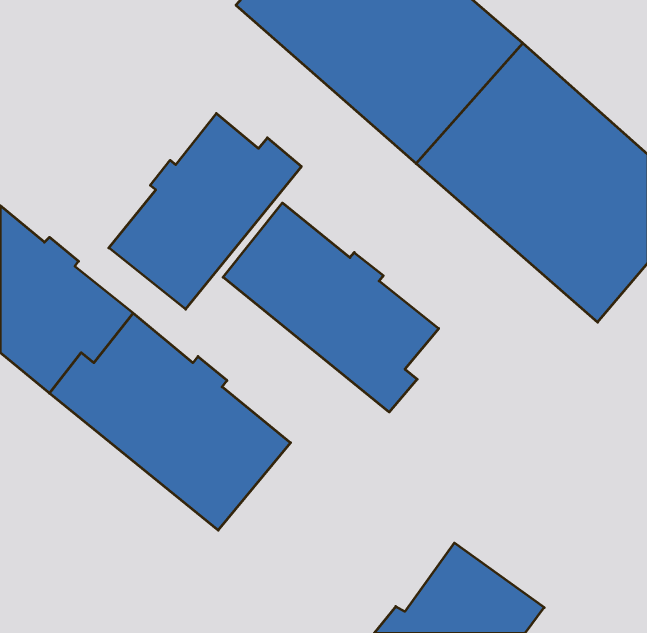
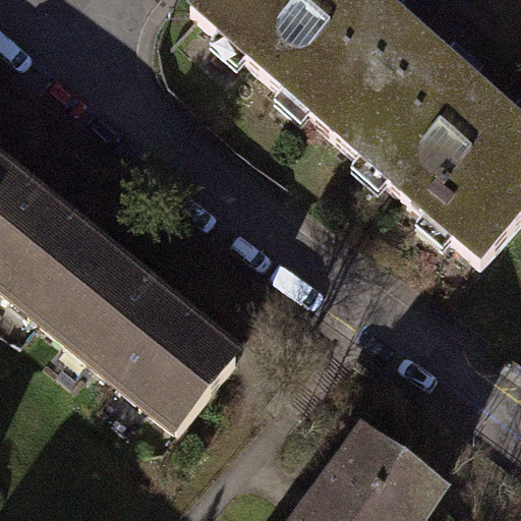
building: [109,113,301,309] -> none
building: [223,203,439,412] -> none

